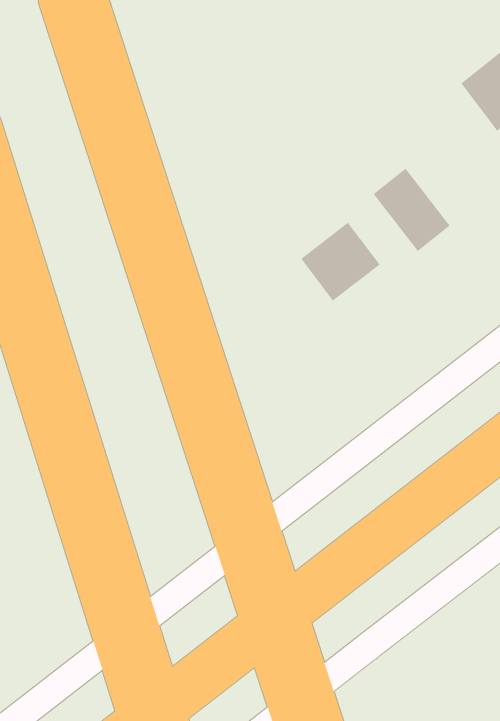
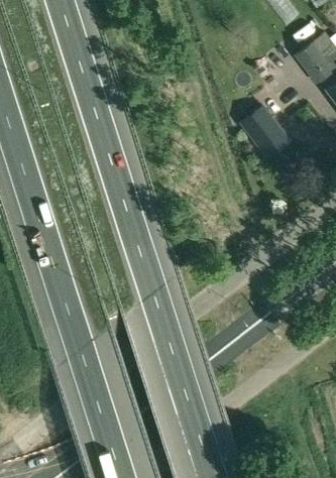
building: [300,222,380,302] -> none

